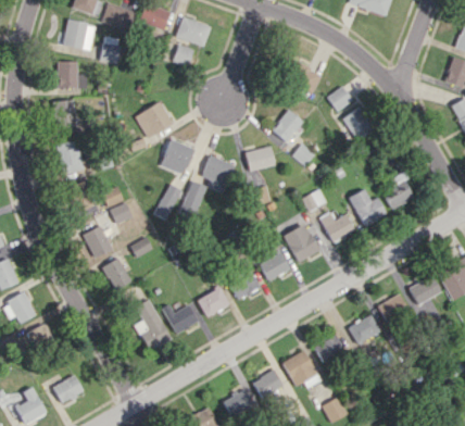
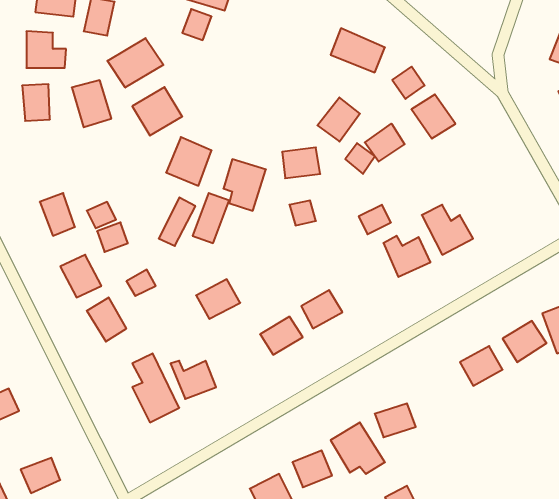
building: none -> [107,38,163,88]
building: none -> [365,124,405,162]
building: [55,140,85,175] -> [72,80,111,127]
building: [385,172,418,210] -> none
building: [285,224,318,262] -> none
building: [198,287,230,316] -> [196,279,240,319]
building: [349,315,381,343] -> none

